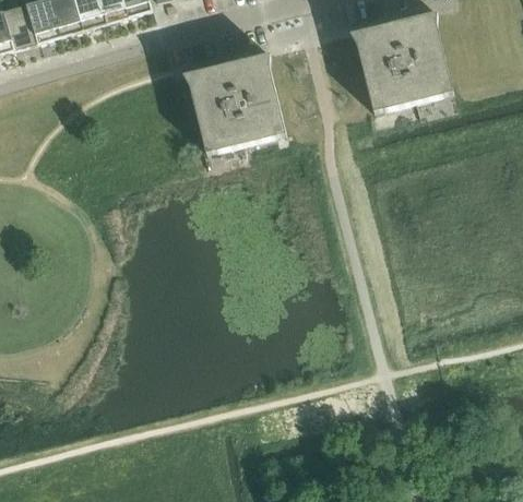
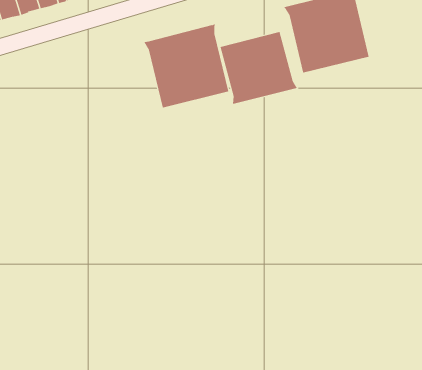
building: none -> [220,31,298,105]

